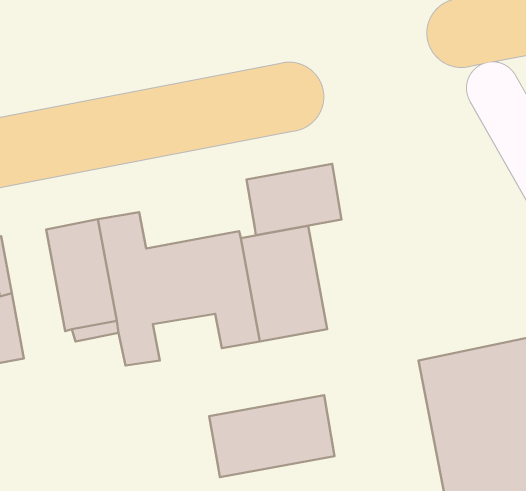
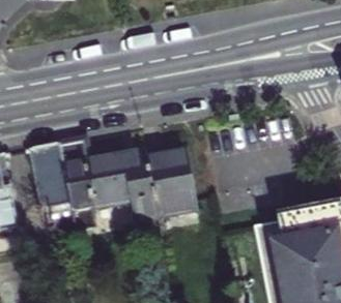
building: [246,164,342,235] -> none
building: [209,395,335,477] -> none

